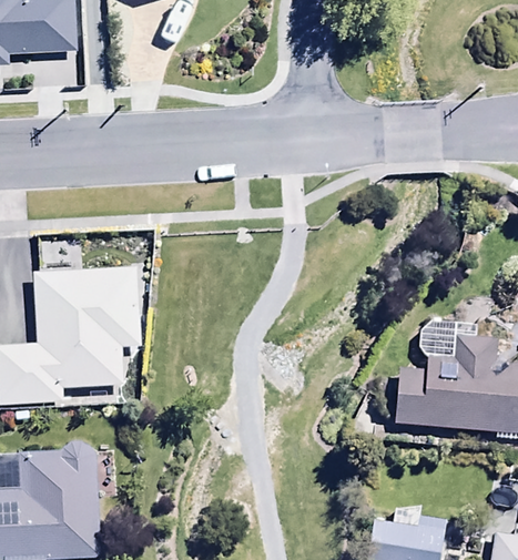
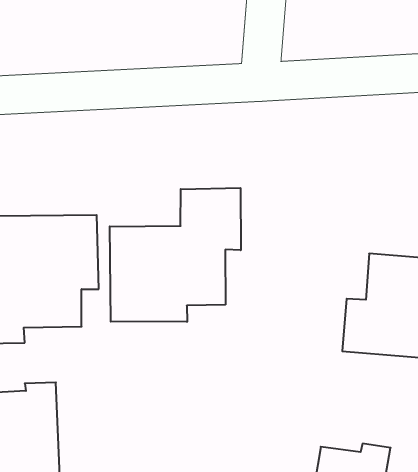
building: none -> [110,188,241,322]

